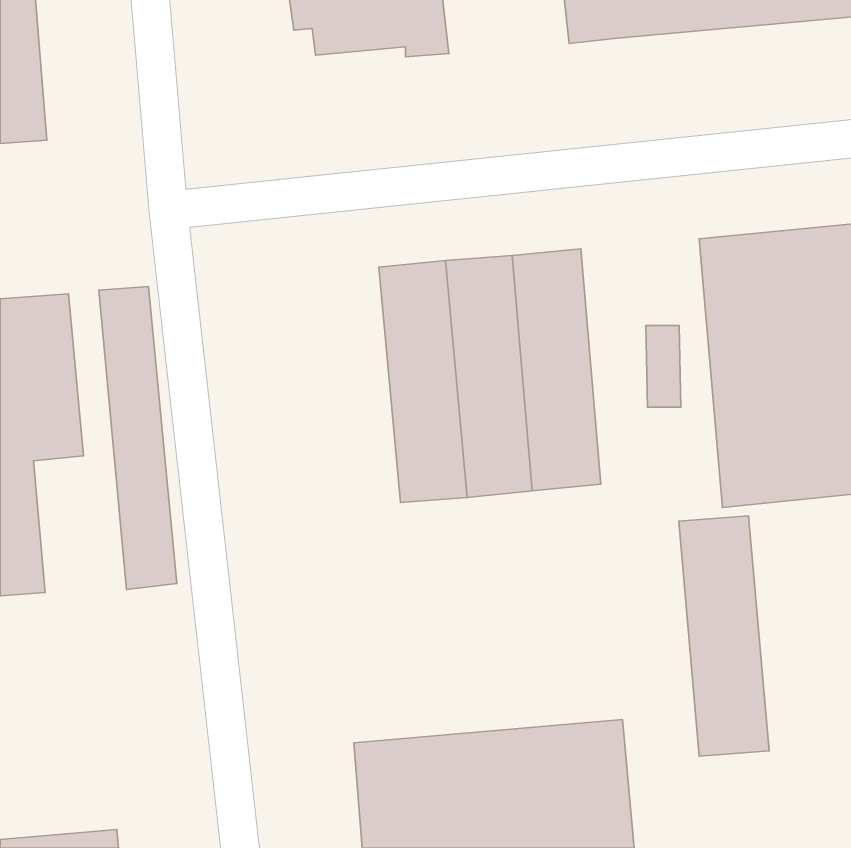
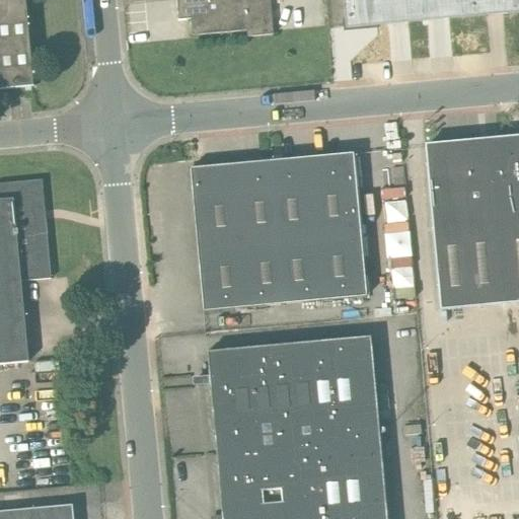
building: none -> [190,162,244,309]
building: [99,287,177,590] -> none
building: [679,516,769,756] -> none
building: none -> [207,336,379,451]

